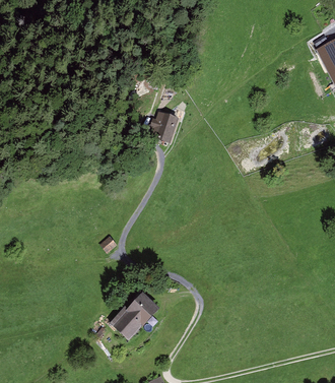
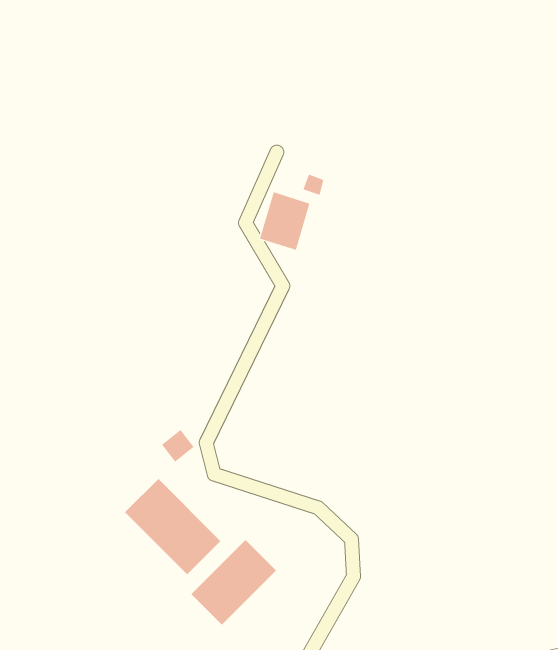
building: none -> [124,478,221,575]

